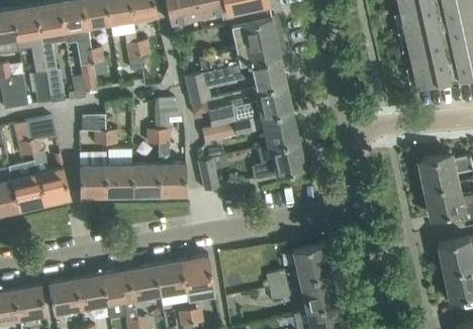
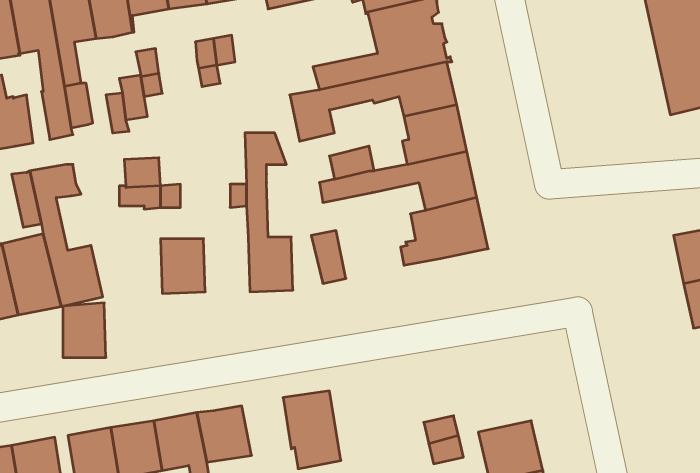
building: [131,163,160,197] -> none
building: [80,164,106,198] -> [63,303,106,357]
building: [292,244,332,283] -> none
building: [155,261,185,297] -> none

